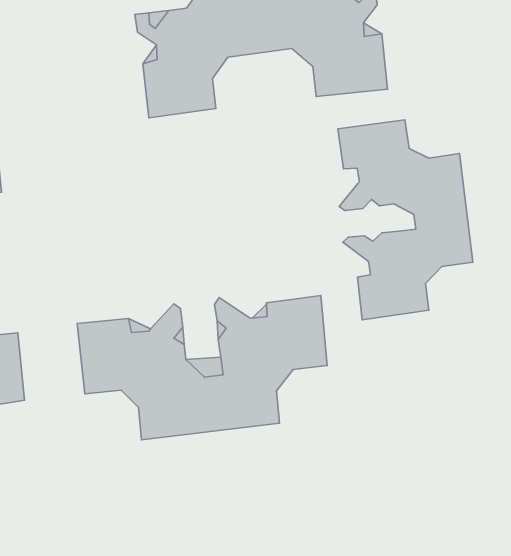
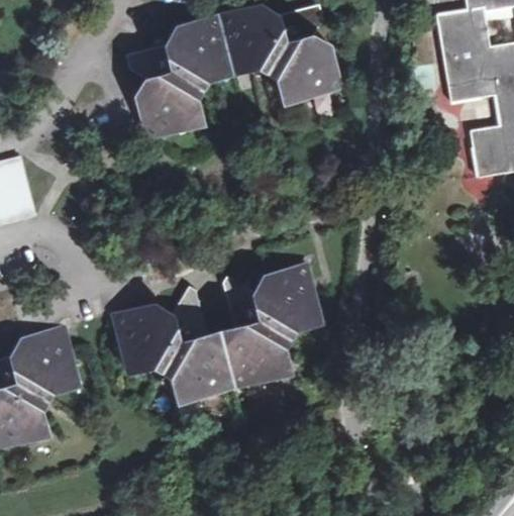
building: [338,120,473,320] -> none

